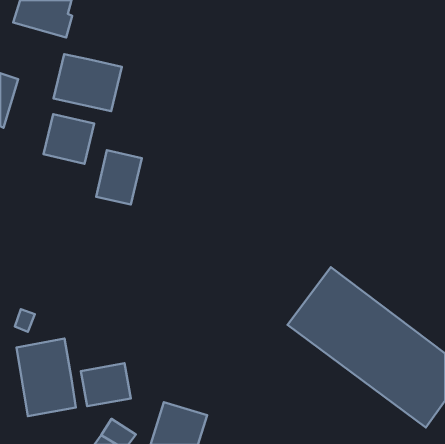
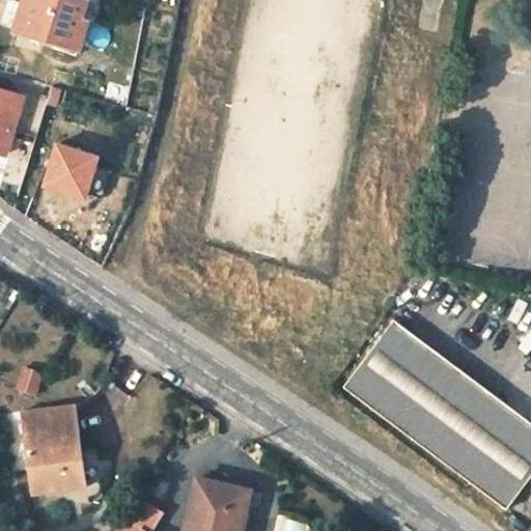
building: [53,54,122,111] -> none
building: [96,150,142,205] -> none
building: [81,363,131,406] -> none

